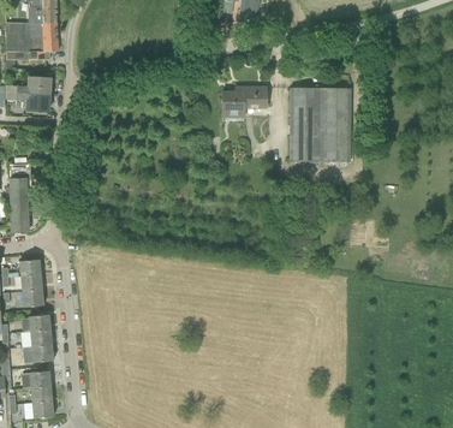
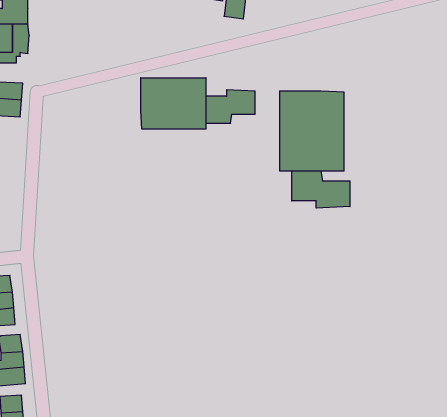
building: none -> [141,78,206,129]
building: none -> [292,171,350,208]

